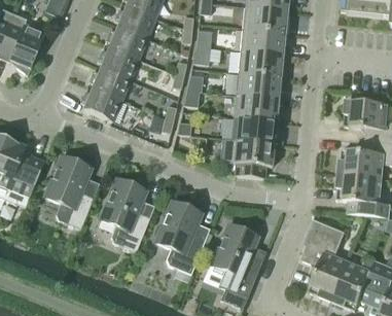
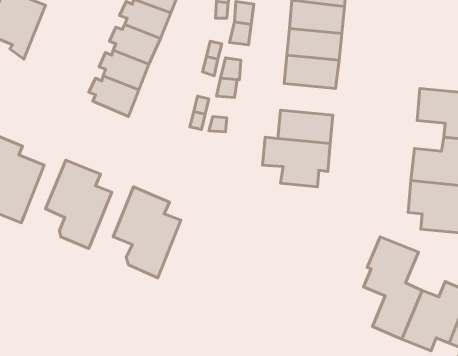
building: [234,95,278,120] -> none
building: [154,201,208,273] -> none
building: [210,224,264,308] -> none

